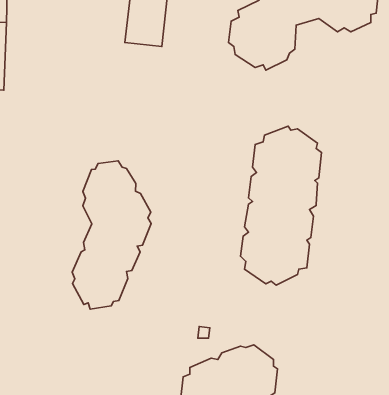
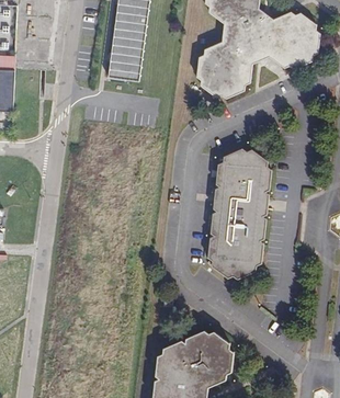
building: [72,161,151,309] -> none

